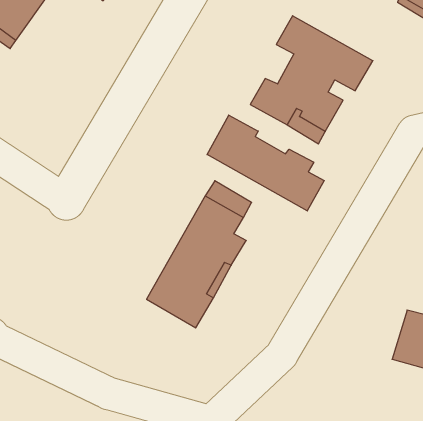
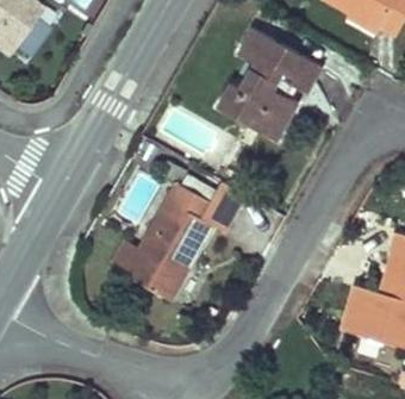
building: [207,115,324,211] -> none

